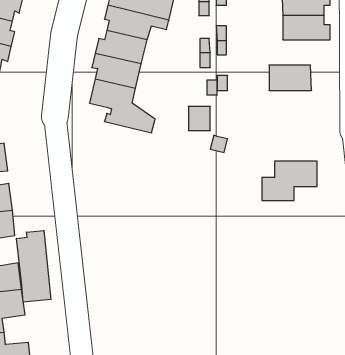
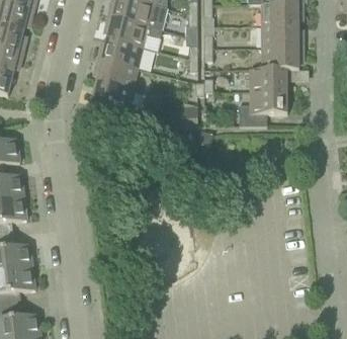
building: none -> [262,47,303,69]
building: [262,161,317,200] -> [239,91,287,125]
building: [17,230,51,302] -> none

